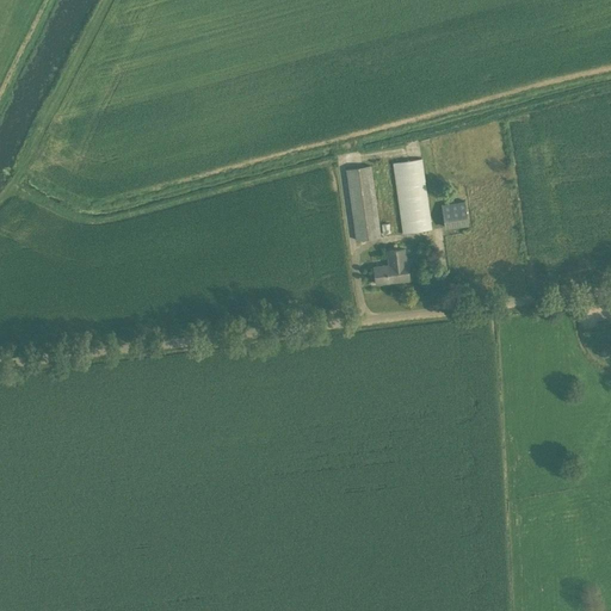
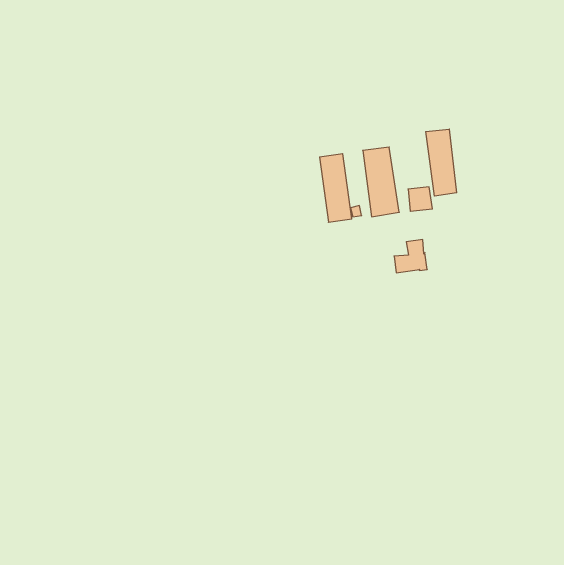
building: none -> [426,129,457,196]
building: [372,248,408,284] -> [394,240,427,273]

